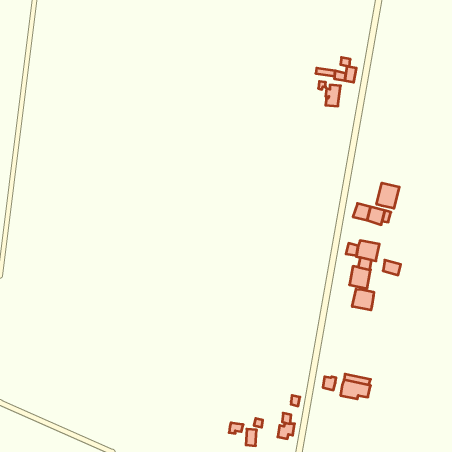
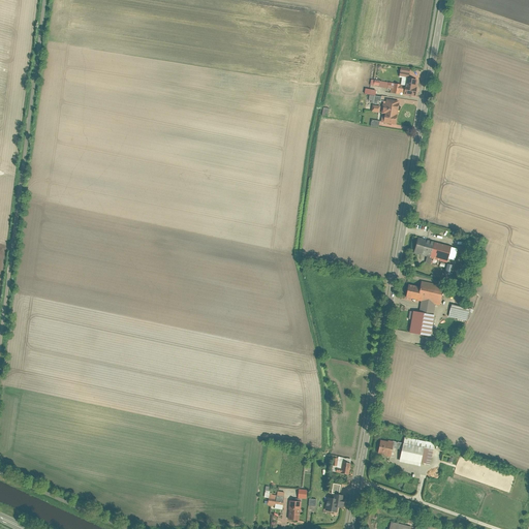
building: [377,183,399,208] -> none
building: [352,289,374,310] -> none

